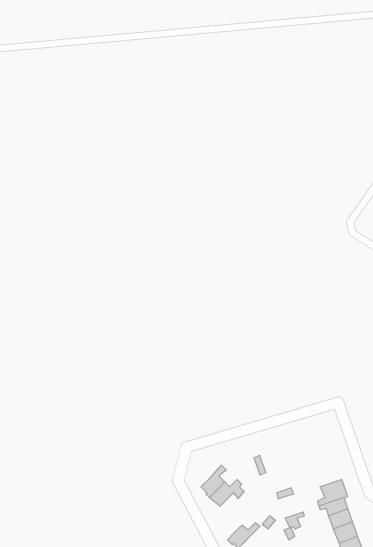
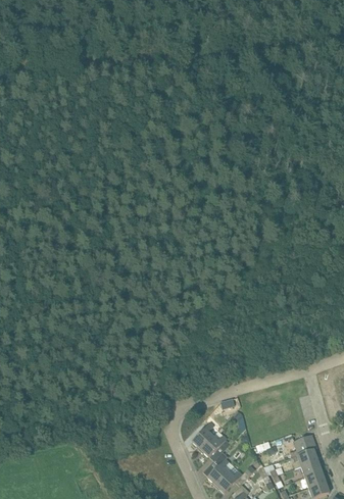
building: none -> [208,451,234,485]

